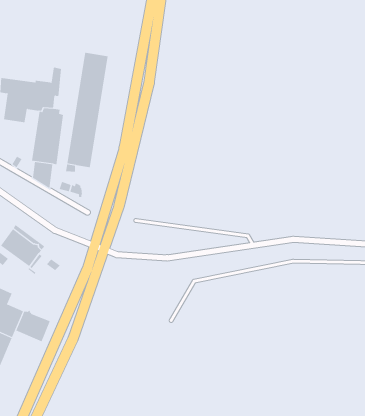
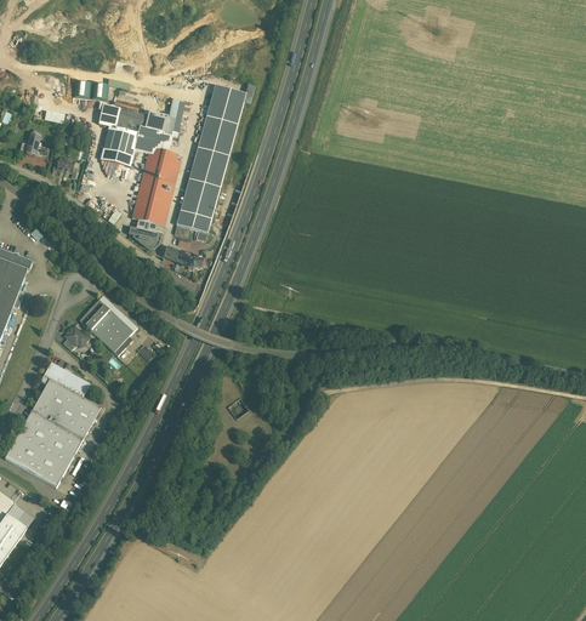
building: [16,310,51,342] -> none

